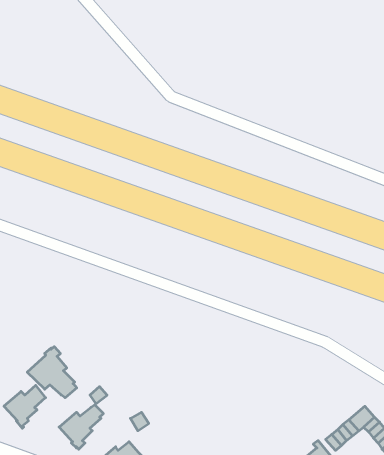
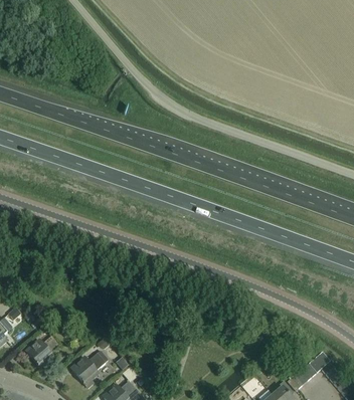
building: [27,347,77,398] -> none

